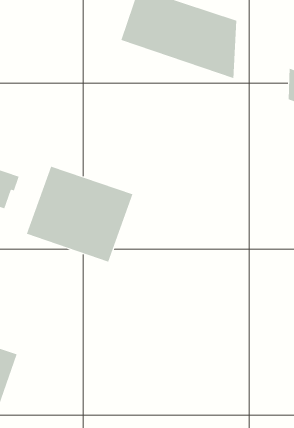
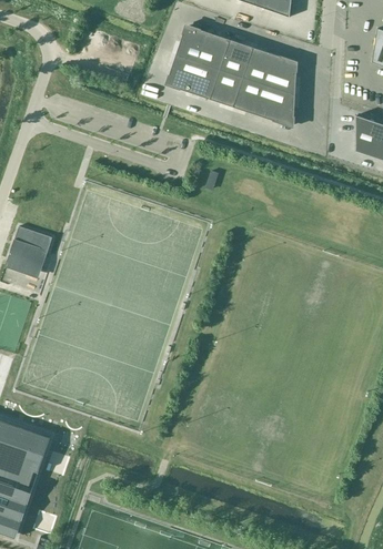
building: [26,166,133,262] -> none

